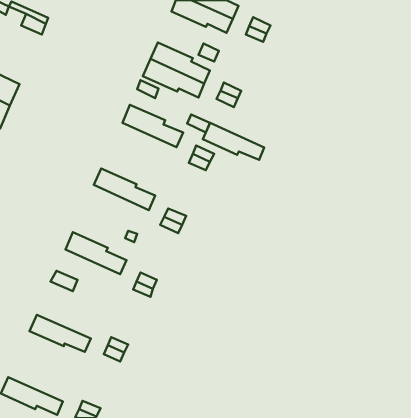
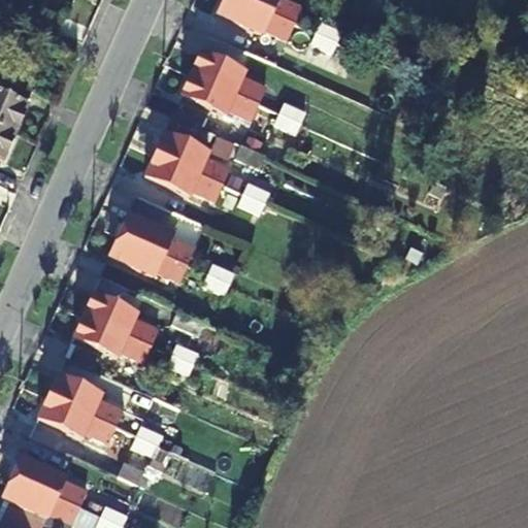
building: [203,123,264,160] -> [145,155,223,201]
building: none -> [109,233,188,282]
building: none -> [73,315,152,363]
building: none -> [46,374,123,427]
building: none -> [10,454,88,506]

